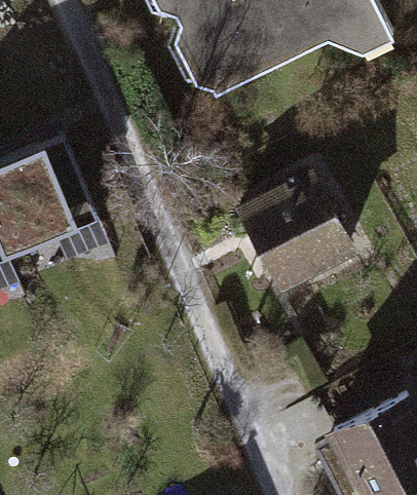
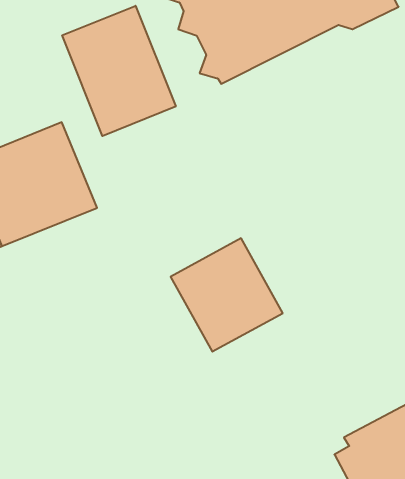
building: none -> [62,6,176,136]
building: [242,178,350,287] -> [171,238,283,352]

